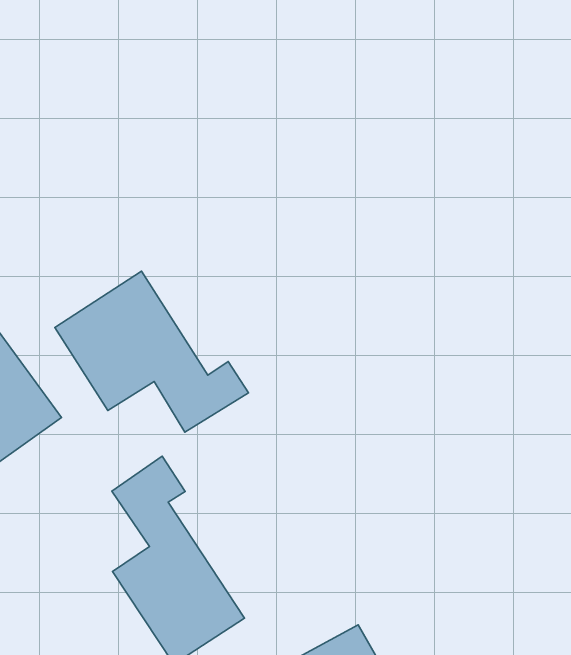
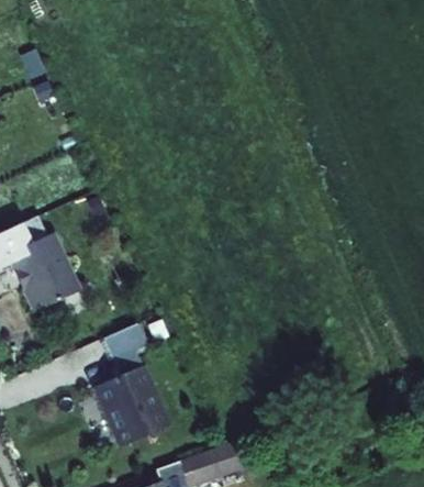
building: [55,271,249,432] -> none

